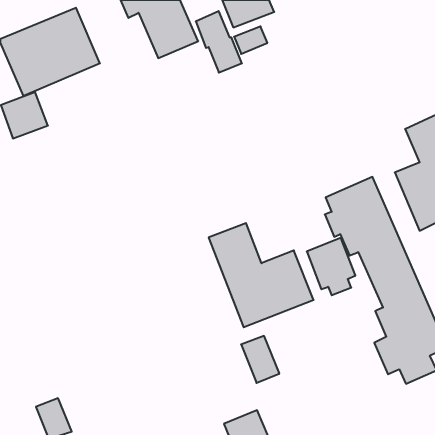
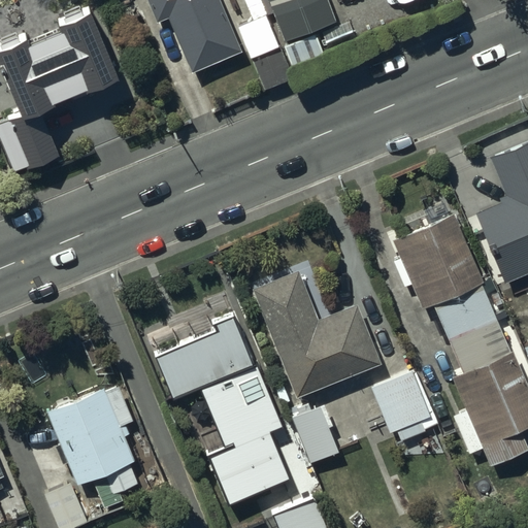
building: [307,238,355,295] -> [372,371,431,440]
building: none -> [155,318,287,503]
building: none -> [46,383,139,507]

